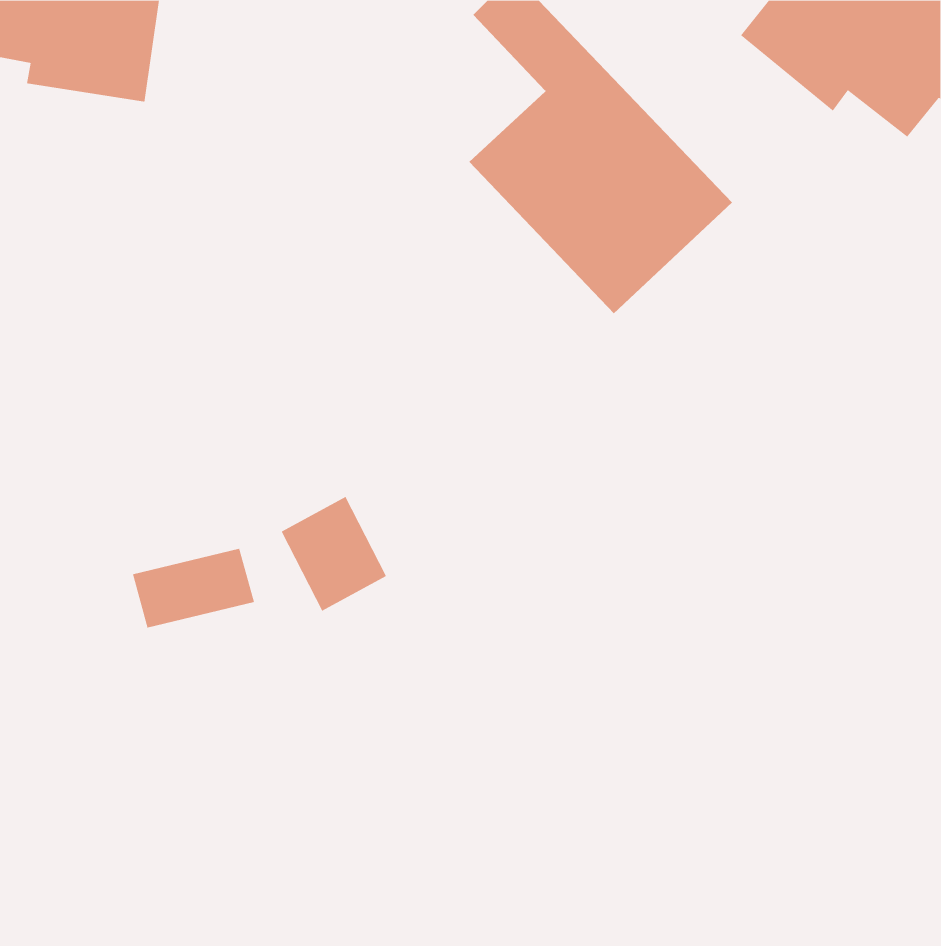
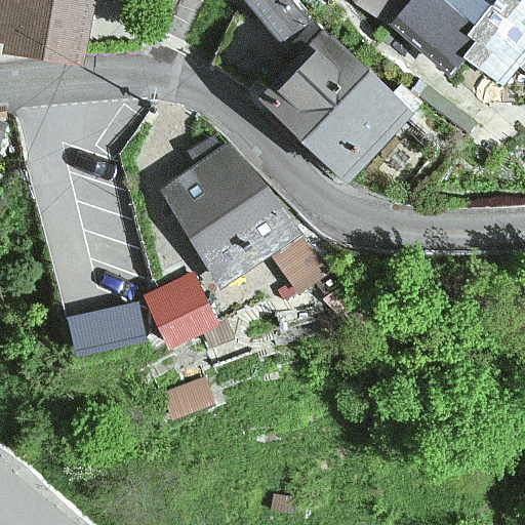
building: none -> [166,144,316,288]

